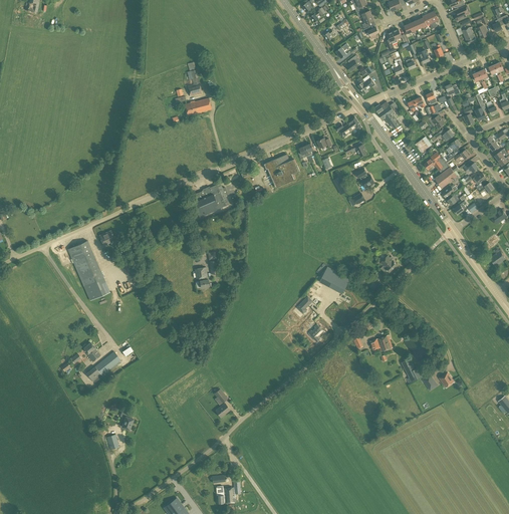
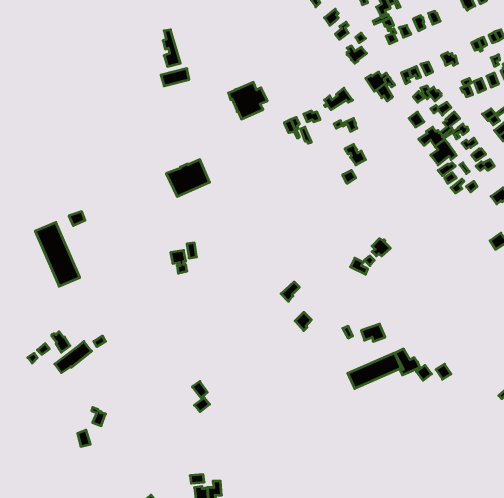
building: [263,154,299,188] -> [228,82,267,119]
building: [318,266,349,294] -> none
building: none -> [348,353,401,389]

